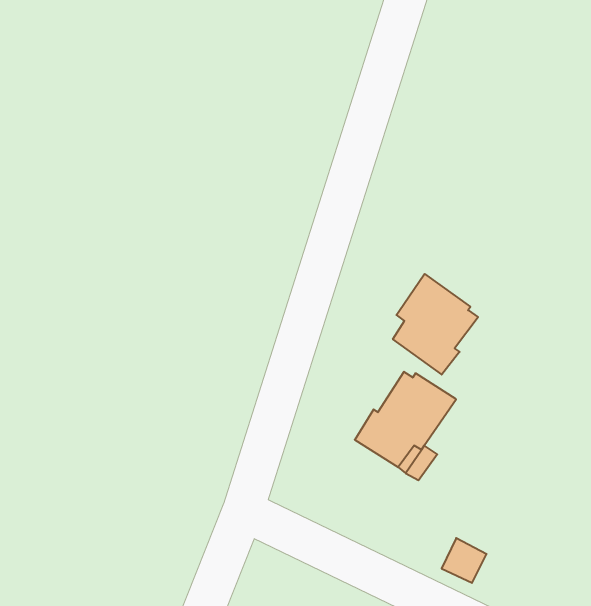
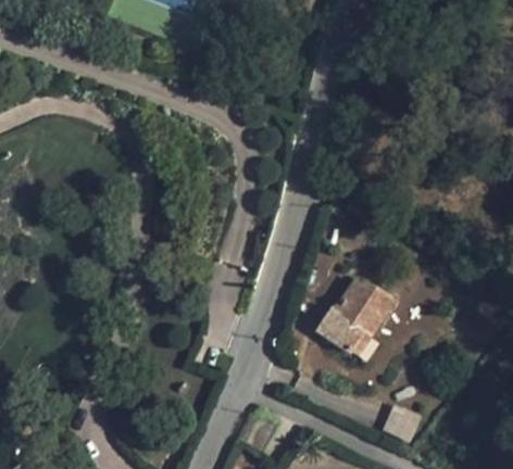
building: [393,274,478,375] -> none

